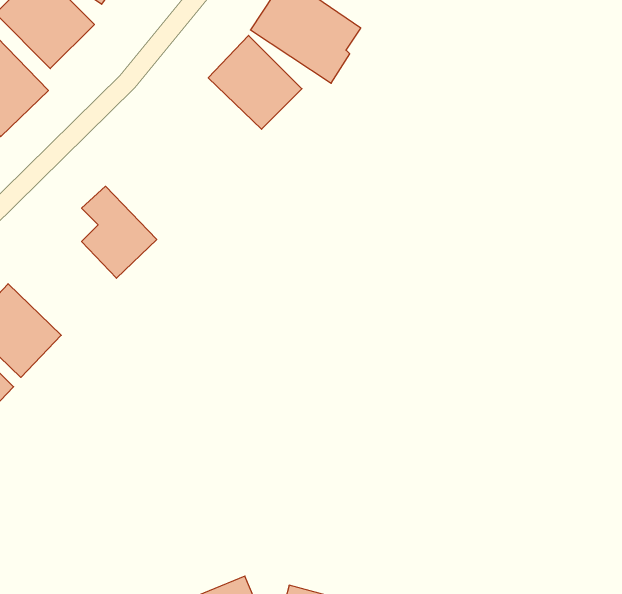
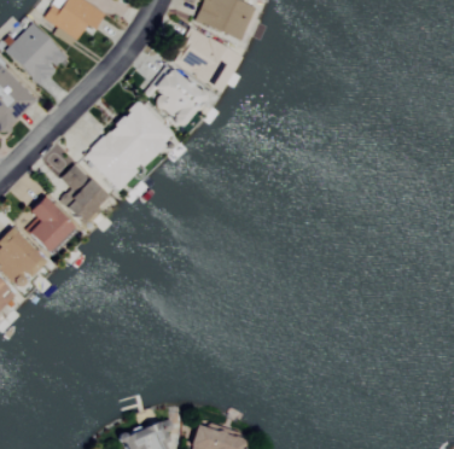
building: none -> [83,100,175,191]
building: none -> [28,196,75,252]

